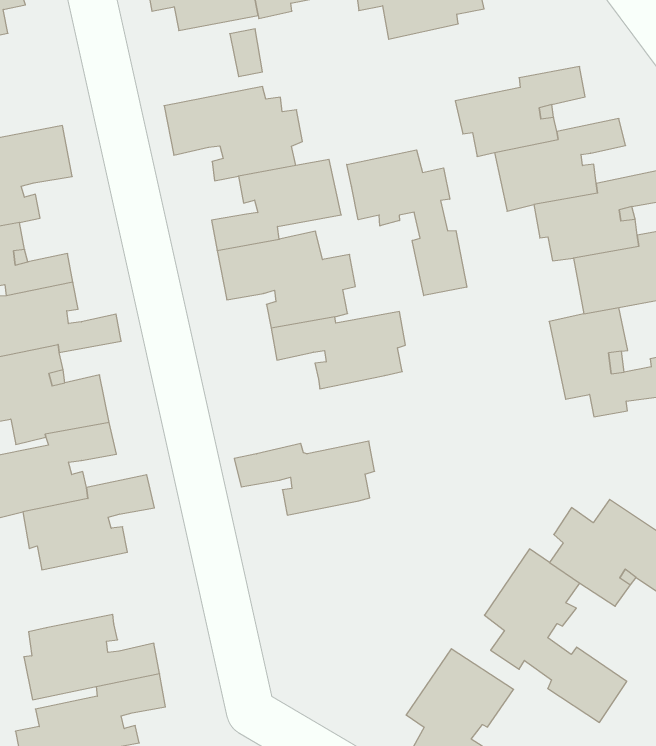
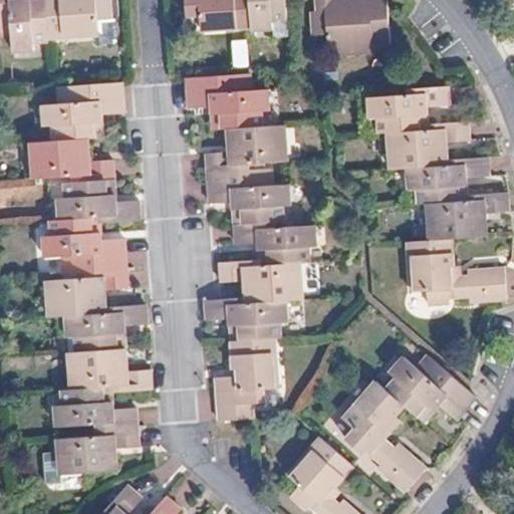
building: [347,150,467,296] -> none
building: none -> [219,259,302,304]
building: none -> [215,337,277,421]
building: none -> [68,350,153,394]

